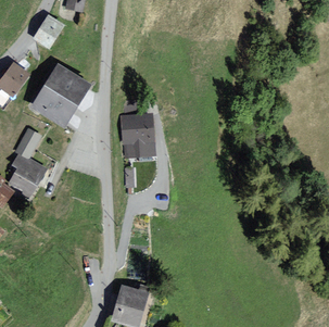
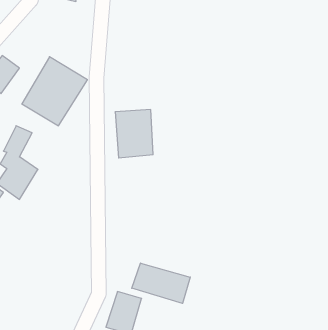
building: [31,15,63,49] -> none
building: none -> [132,263,190,303]

